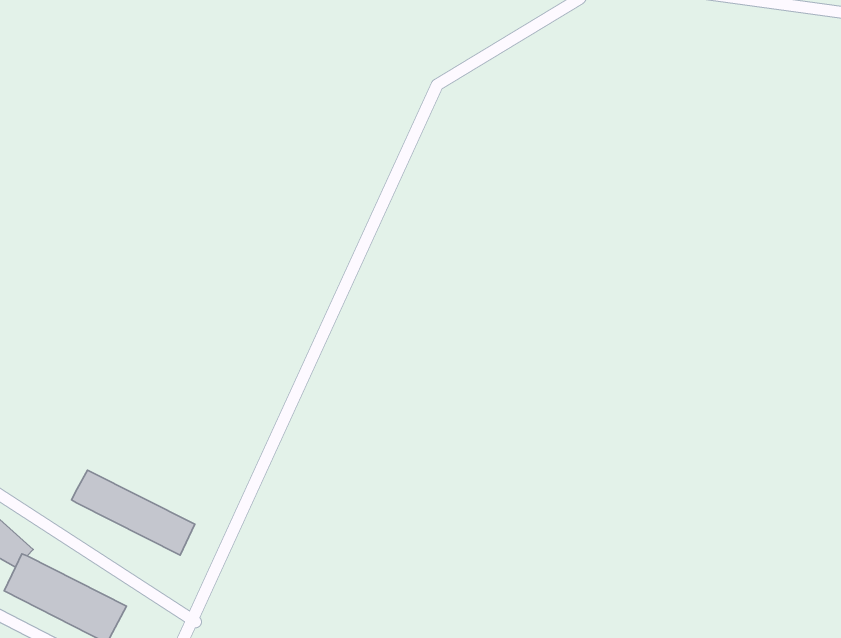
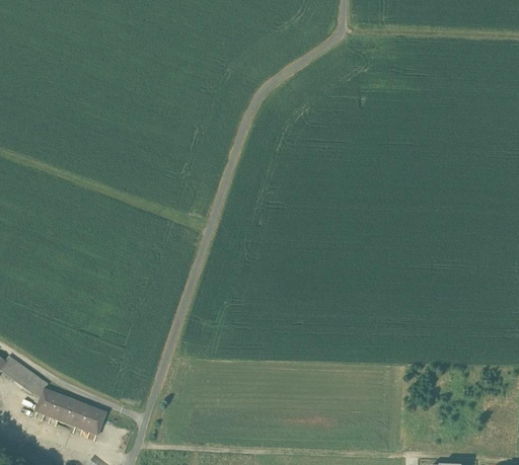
building: [71,470,195,555] -> none

